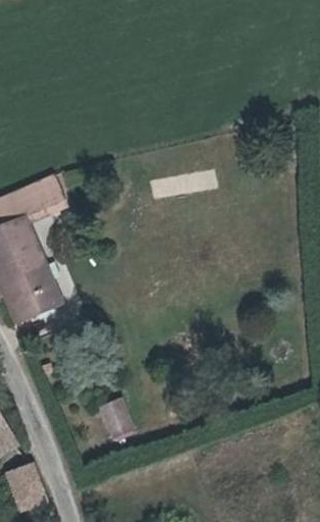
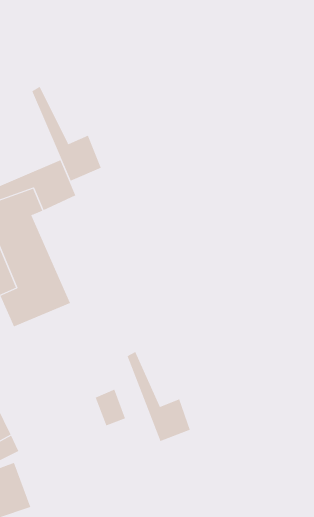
building: none -> [31,86,101,182]
building: none -> [127,351,191,442]

